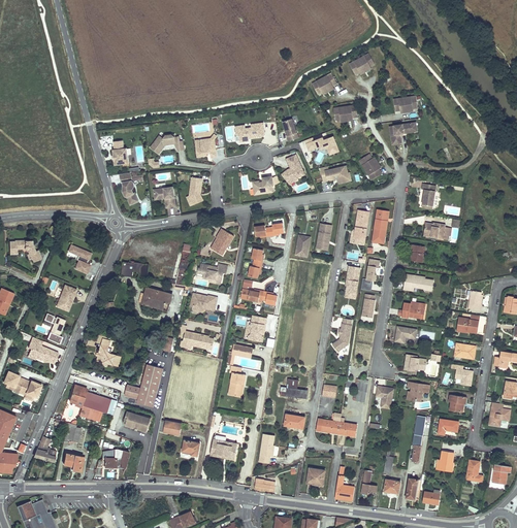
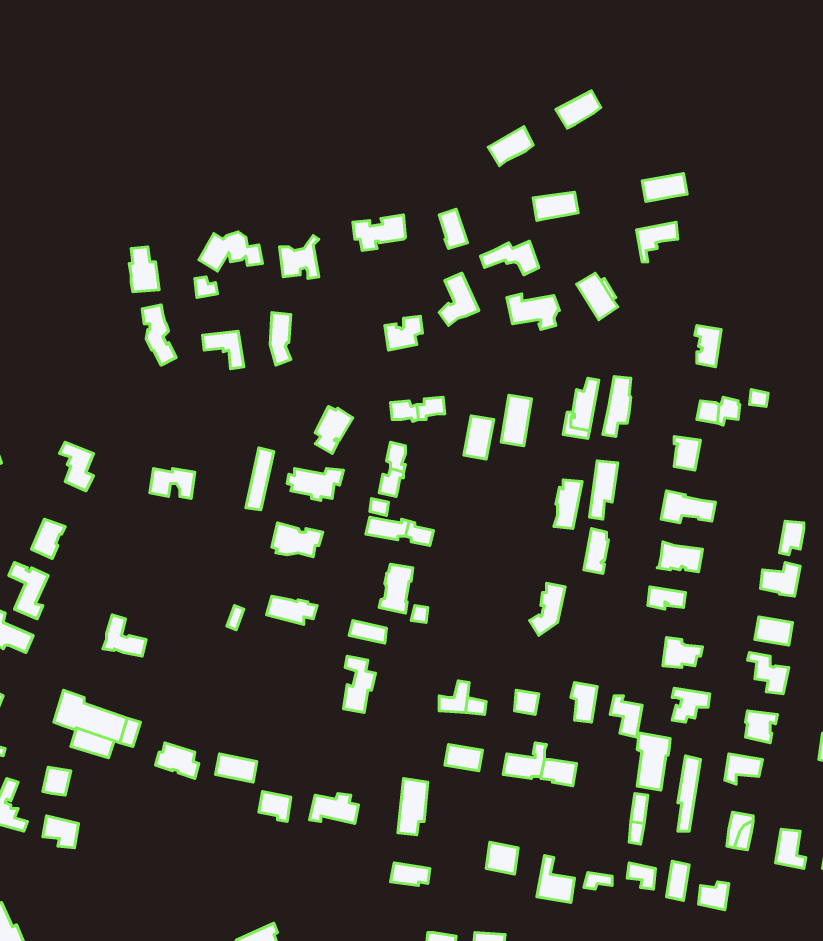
building: [141,287,171,311] -> none
building: [124,364,163,406] -> none
building: none -> [637,733,670,790]
building: [101,449,128,468] -> none

